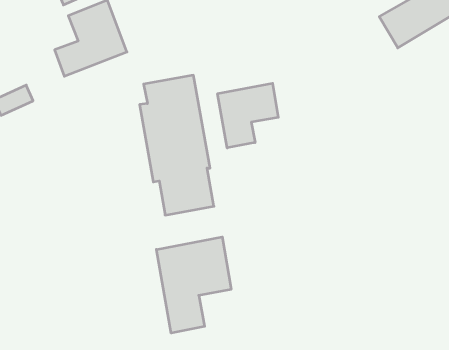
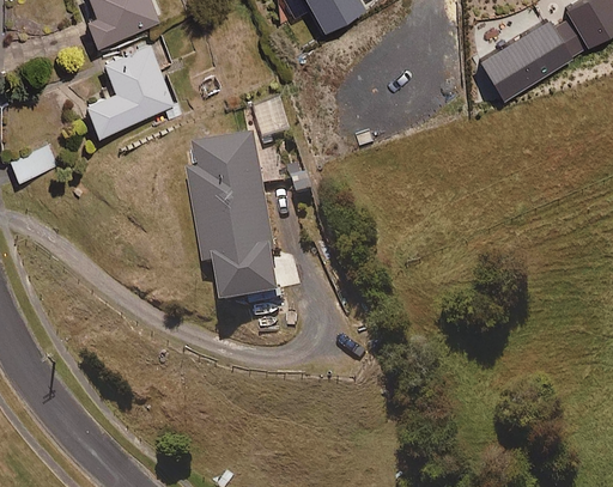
building: [218,83,278,148] -> none
building: [156,237,231,333] -> none

